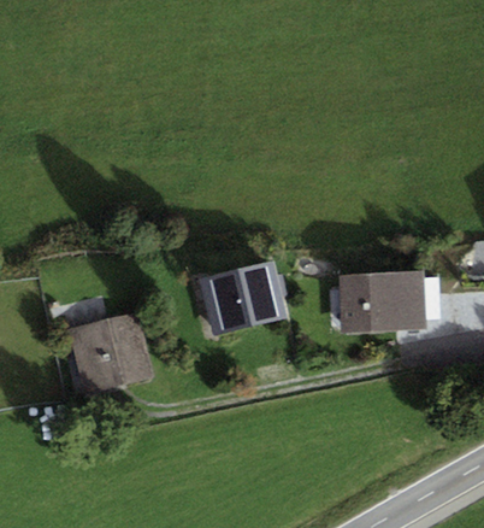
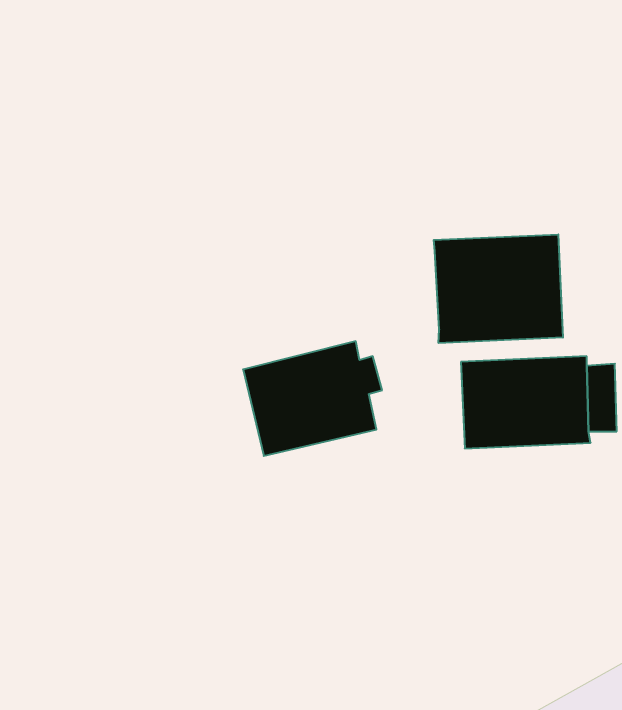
building: none -> [434,234,563,343]
building: [72,315,149,391] -> none

